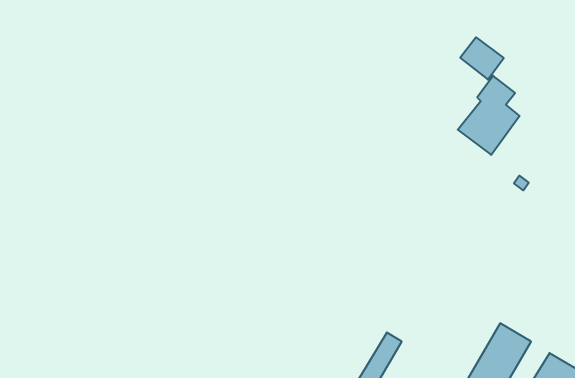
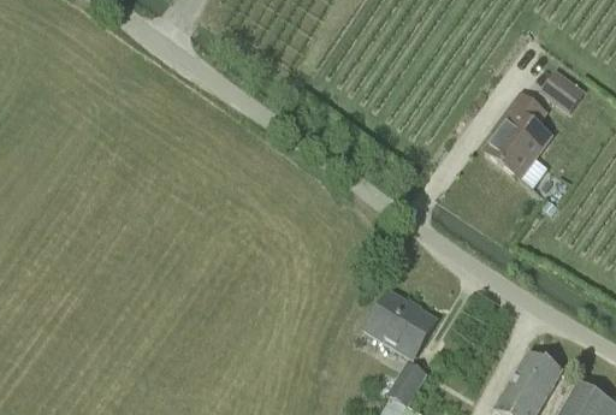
building: [460,37,504,80] -> [540,67,586,112]
building: none -> [369,291,436,355]

